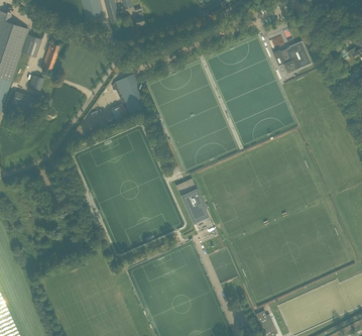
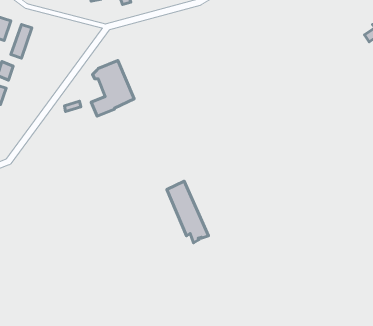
building: [277,40,310,73] -> none

